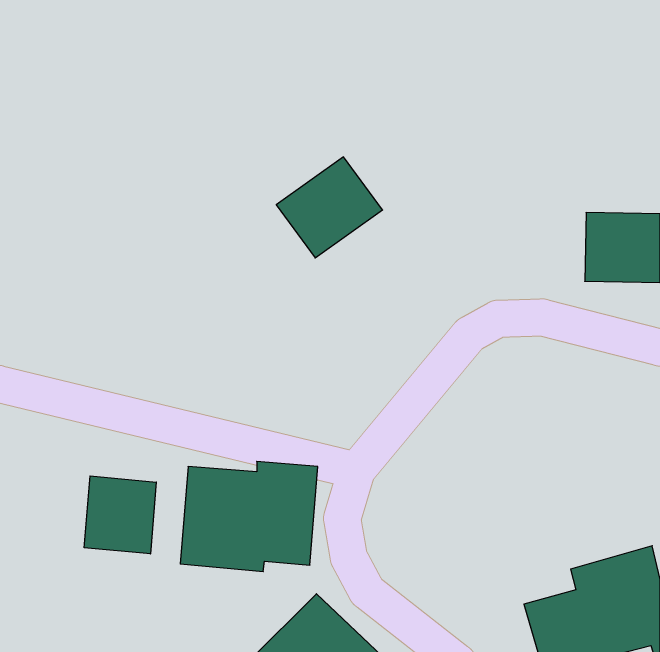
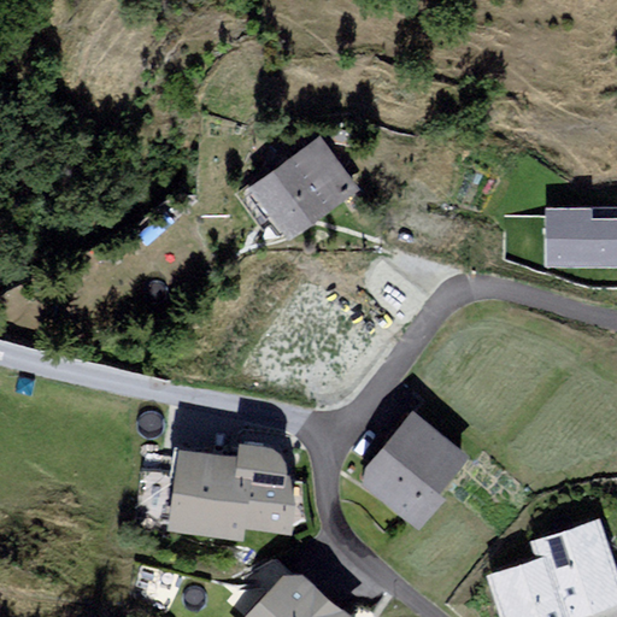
building: none -> [354,406,472,527]
building: [84,476,156,554] -> none

